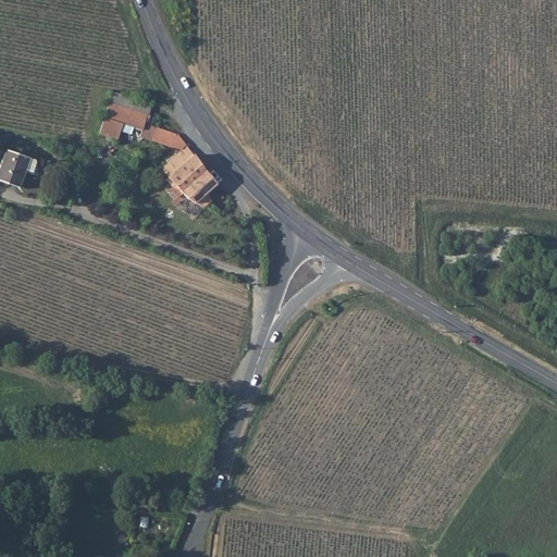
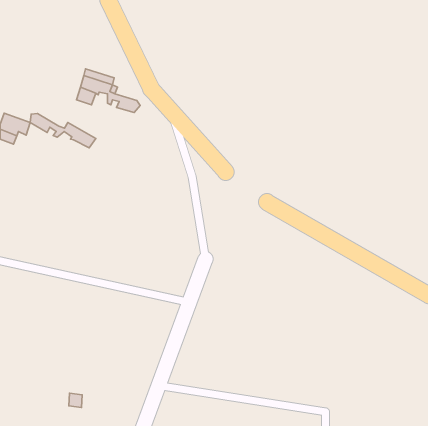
building: none -> [30,114,96,148]
building: [166,152,214,202] -> none

